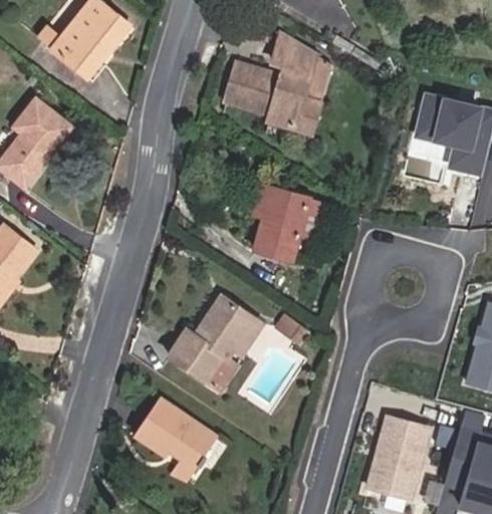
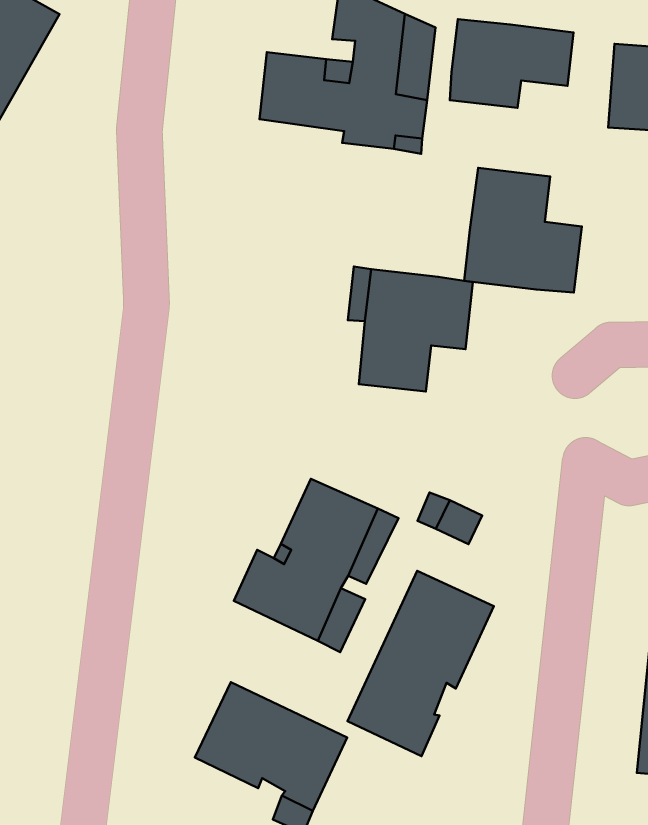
building: none -> [450,19,574,108]
building: none -> [464,168,582,293]
building: none -> [347,571,494,756]

